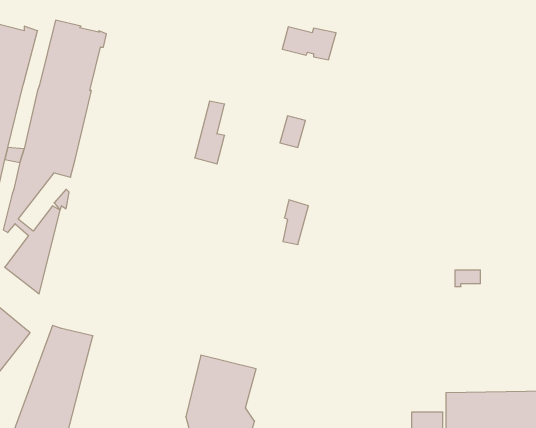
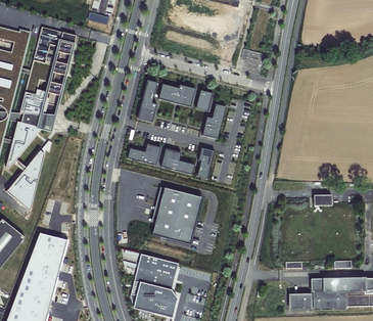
building: [282,27,336,60] -> [158,83,195,105]
building: none -> [202,102,226,138]
building: none -> [128,142,160,165]
building: none -> [160,147,194,174]
building: none -> [151,185,202,244]

